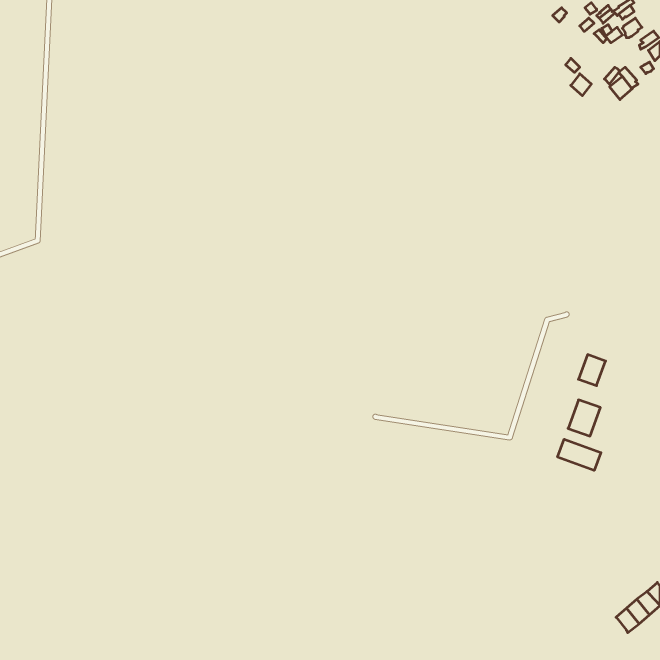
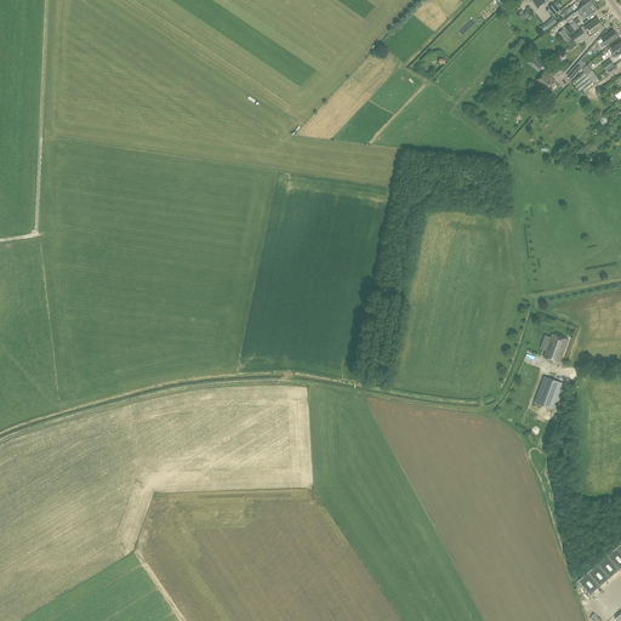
building: [558,439,601,470] -> none

